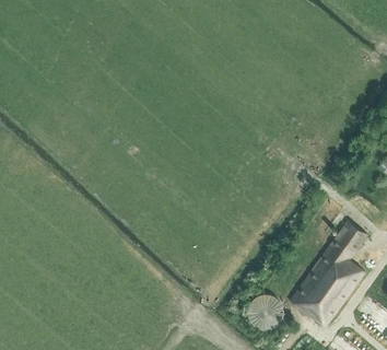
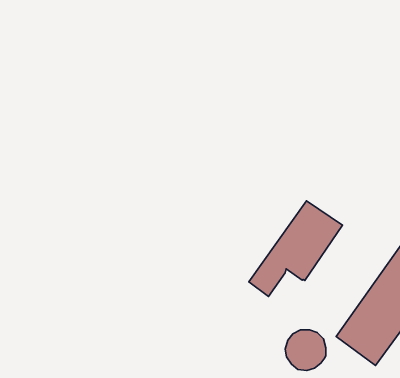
building: none -> [249,201,343,297]

